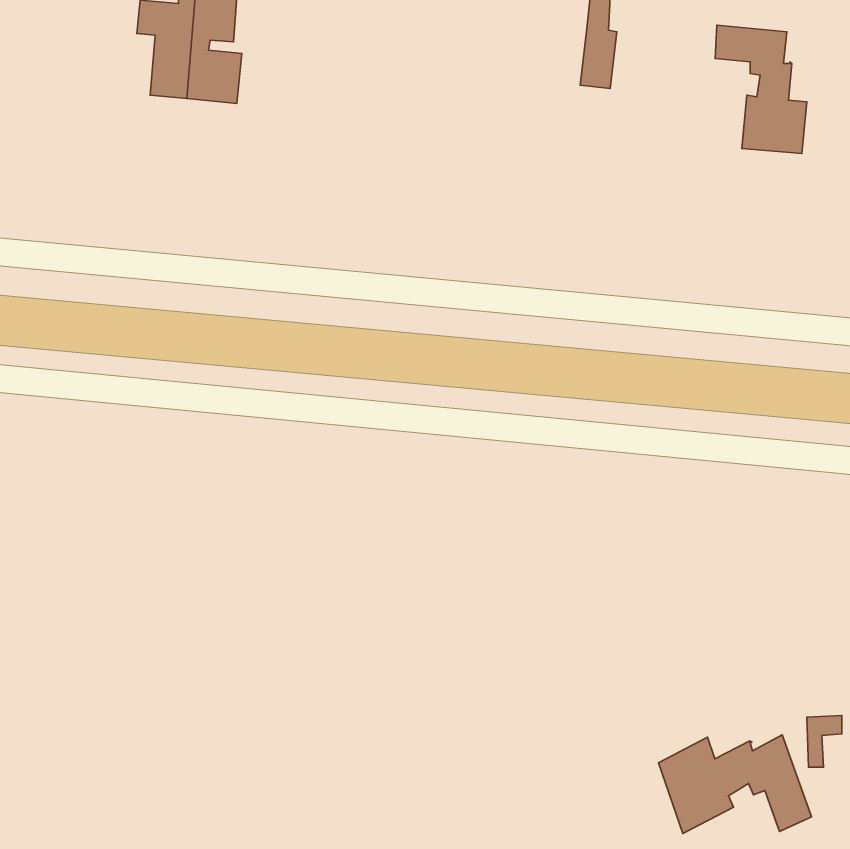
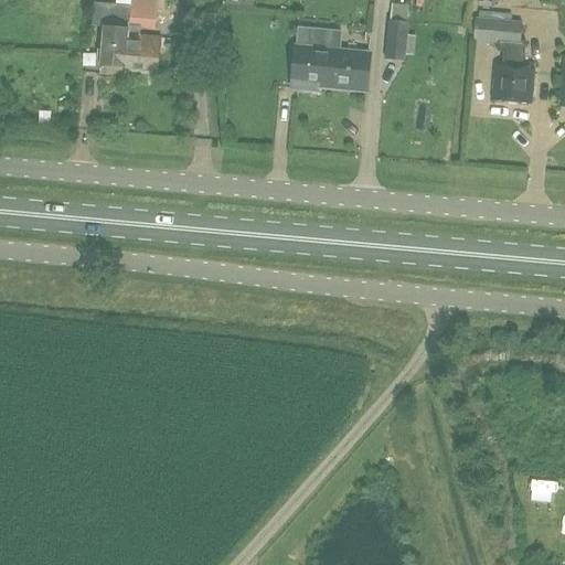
building: none -> [291,26,370,88]
building: [659,735,811,834] -> none

